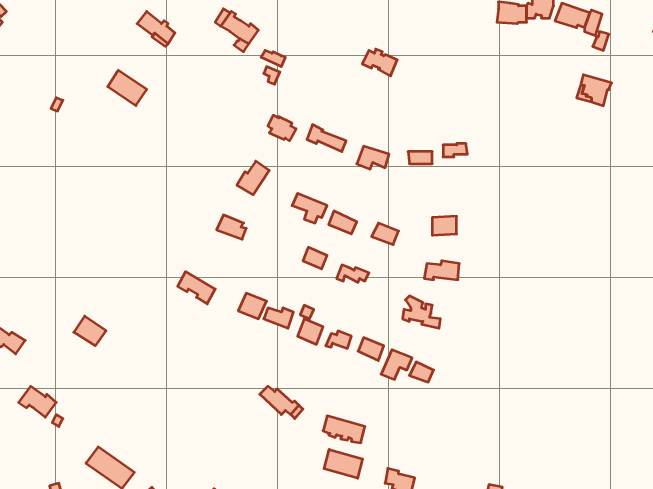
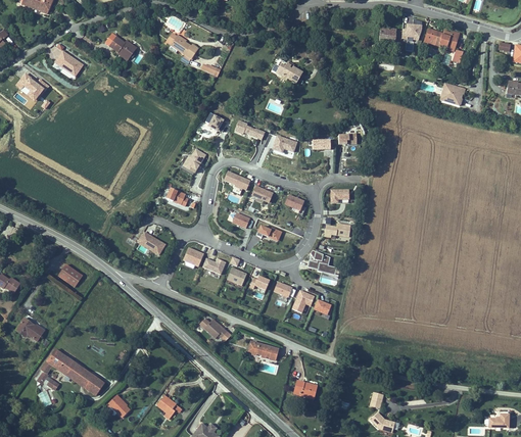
building: none -> [15,74,45,102]
building: [108,70,147,106] -> [54,50,84,77]
building: none -> [47,348,77,376]
building: [324,449,363,478] -> none

